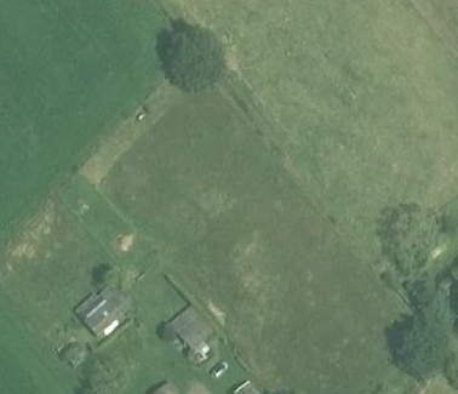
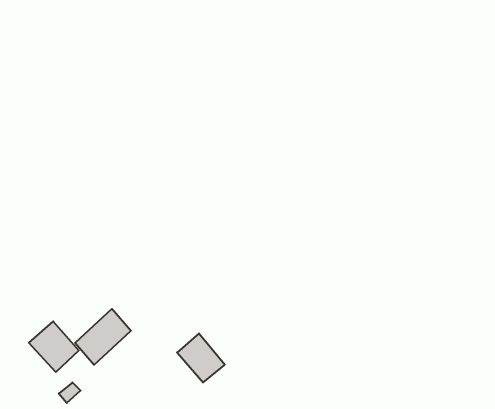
building: none -> [29,321,79,372]

